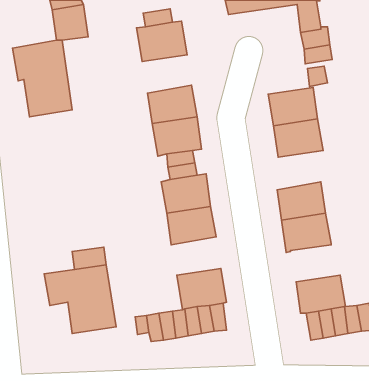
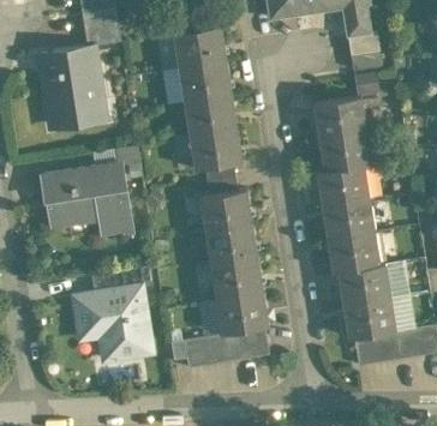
building: none -> [179,61,232,102]
building: none -> [47,162,132,233]
building: none -> [317,164,370,205]
building: none -> [210,256,263,296]
building: none -> [337,262,390,304]

